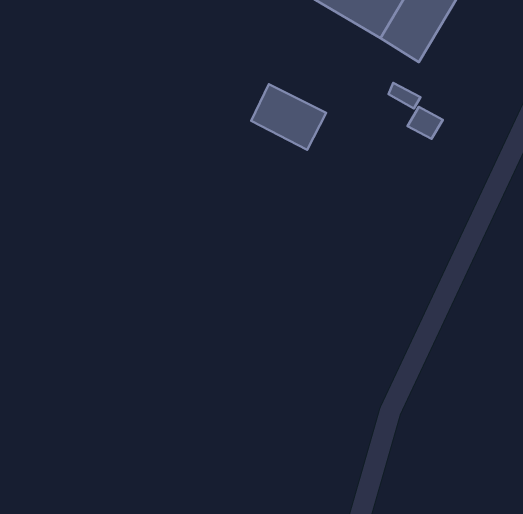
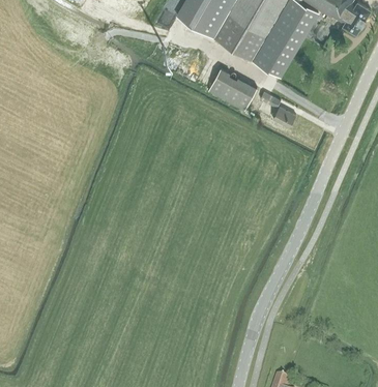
building: [251,84,326,150] -> [209,67,258,110]

